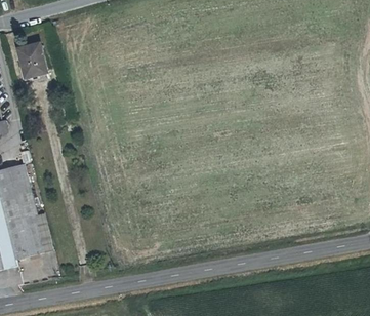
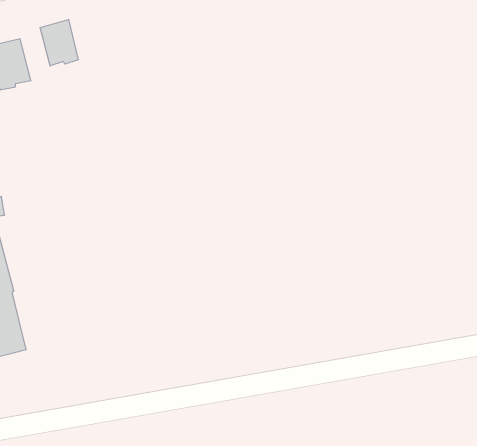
building: none -> [40,19,78,66]

